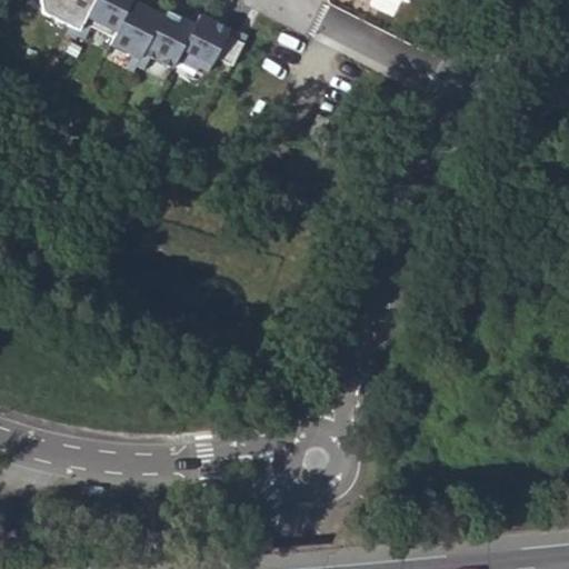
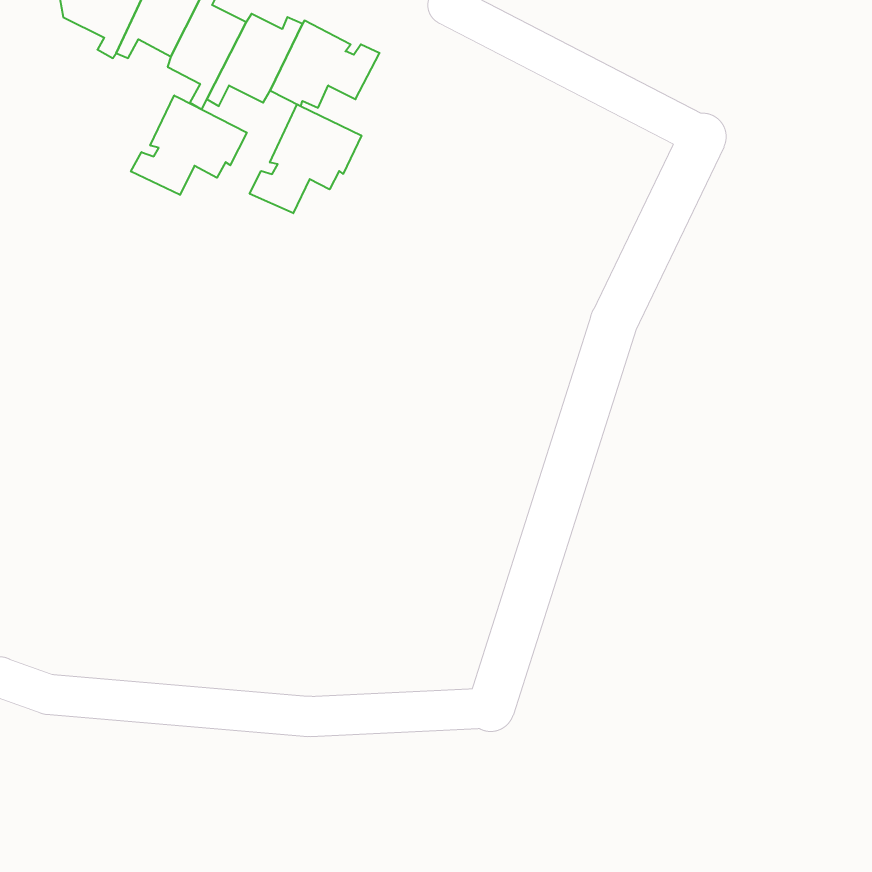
building: none -> [131,95,247,195]
building: none -> [250,104,361,213]

